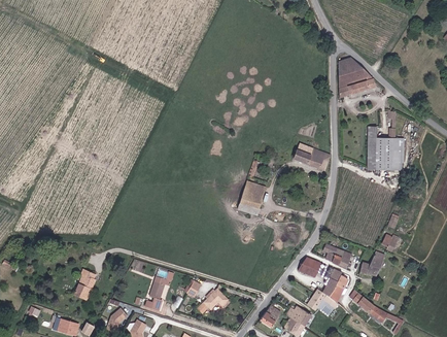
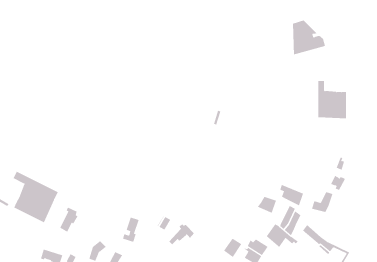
building: [294,143,331,170] -> none
building: [237,181,266,215] -> none
building: none -> [13,171,59,223]

